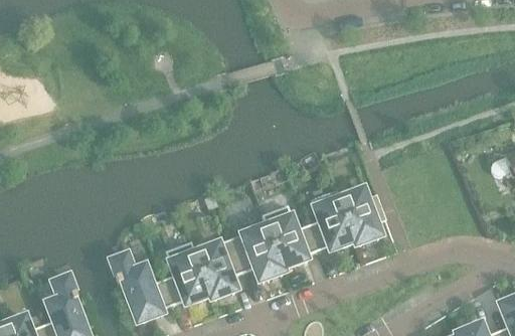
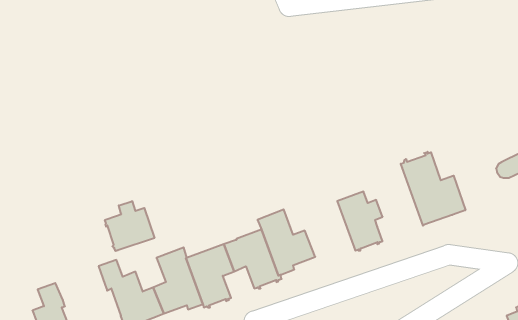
building: none -> [401,152,465,226]
building: [308,194,355,247] -> none
building: none -> [105,201,154,251]

